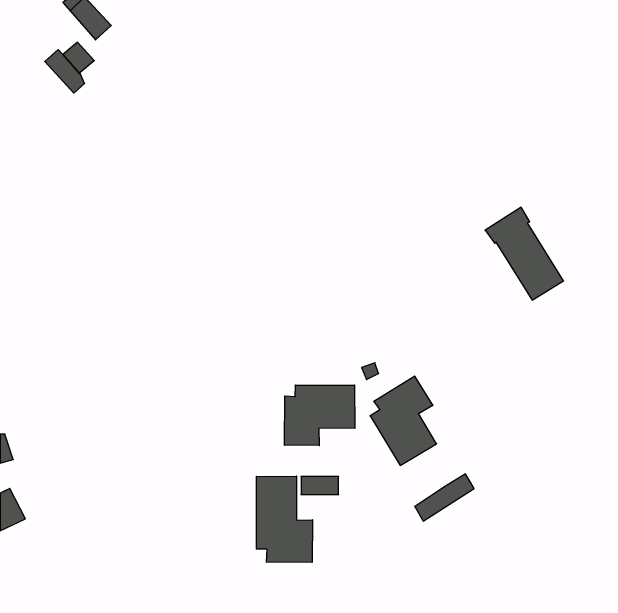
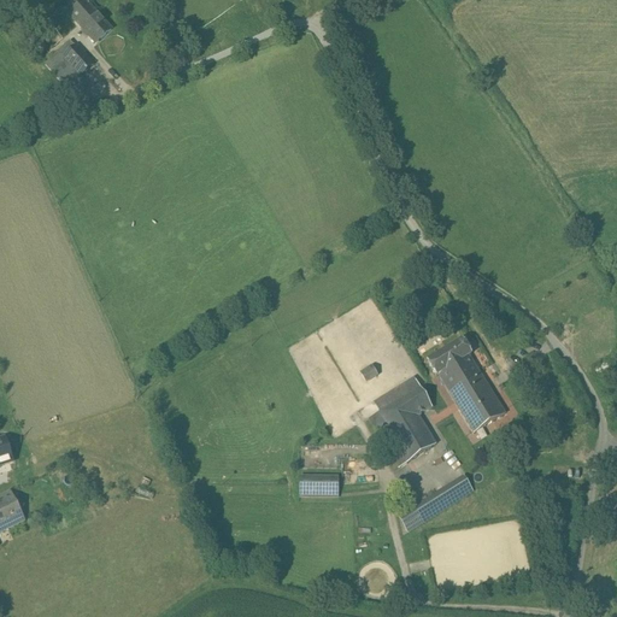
building: [485,207,564,300] -> [427,336,505,429]
building: [284,385,355,446] -> none
building: [256,476,312,562] -> none

